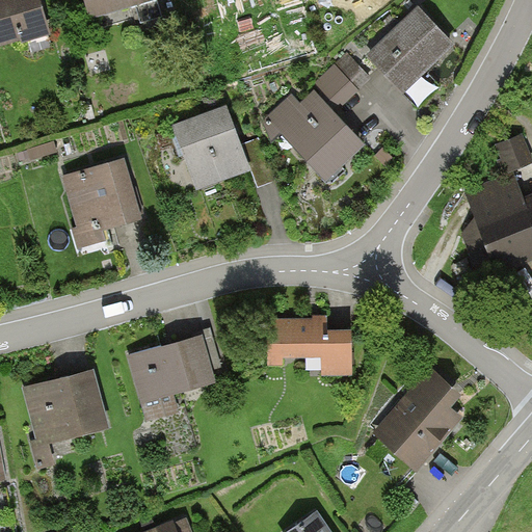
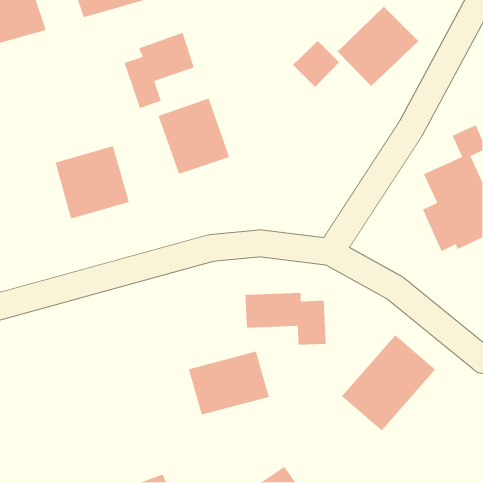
building: none -> [124,32,195,109]
building: [269,85,366,182] -> none
building: [126,335,215,405] -> [188,351,270,416]
building: [19,369,109,447] -> none

